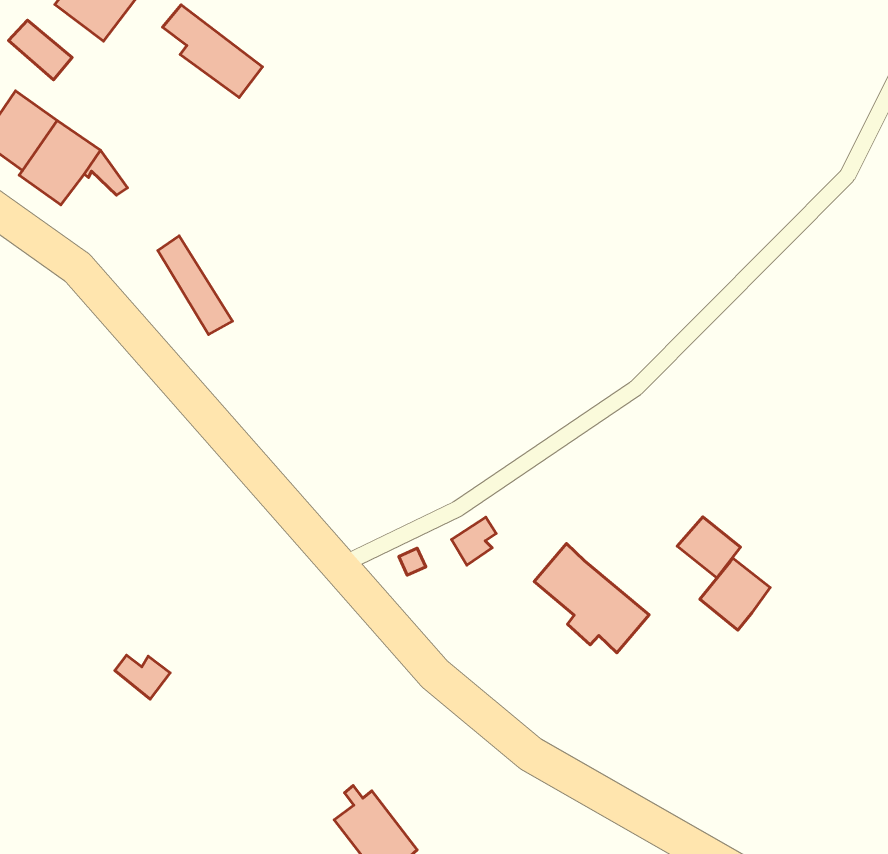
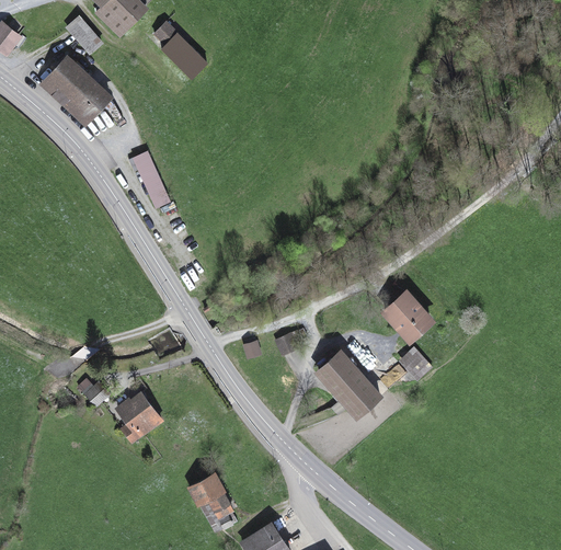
building: none -> [383,291,430,337]
building: [700,558,770,630] -> none
building: none -> [117,393,160,442]

